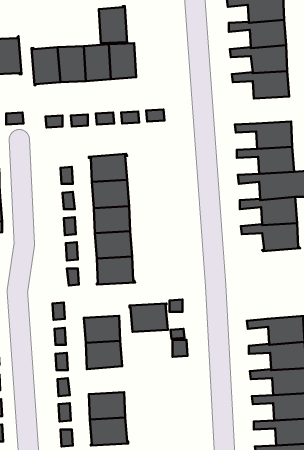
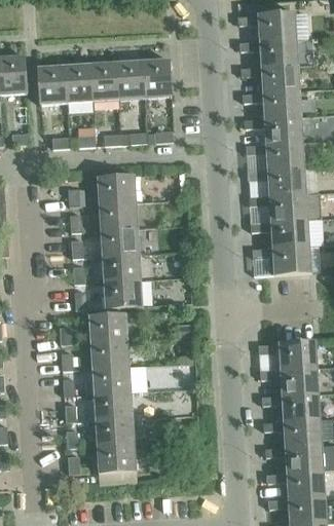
building: [99,6,127,43] -> [142,59,171,97]
building: none -> [244,116,302,144]
building: [129,304,168,332] -> [87,313,126,342]
building: none -> [94,391,132,420]

